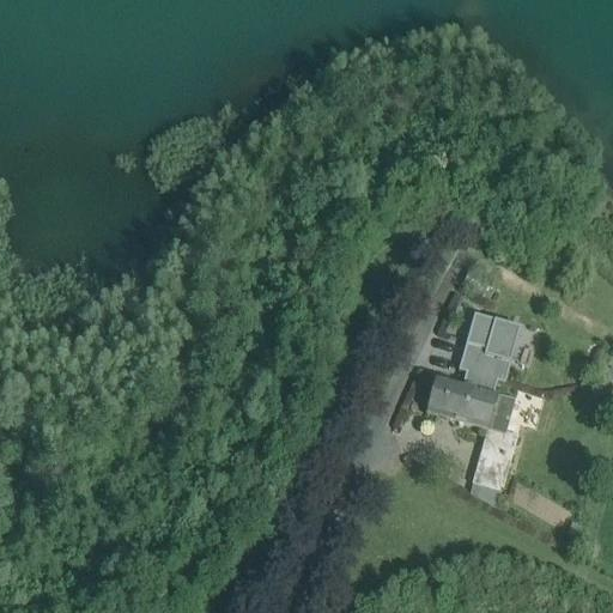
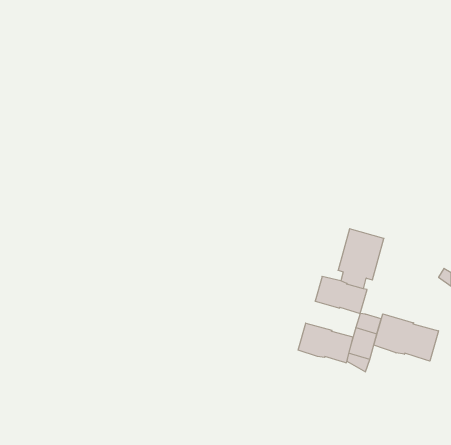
building: none -> [374,314,438,361]
building: none -> [298,323,353,363]

